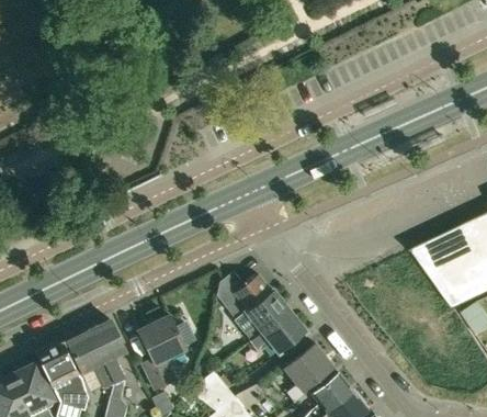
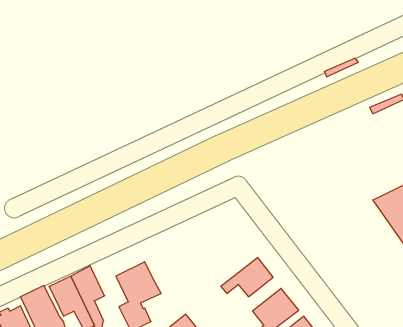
building: [216,271,288,341] -> none

